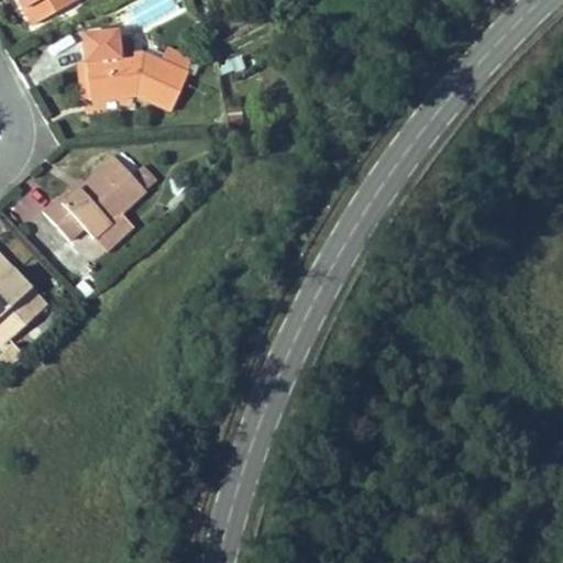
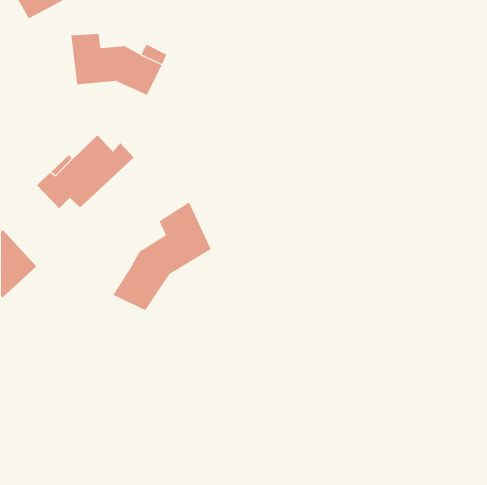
building: none -> [112,201,211,311]

